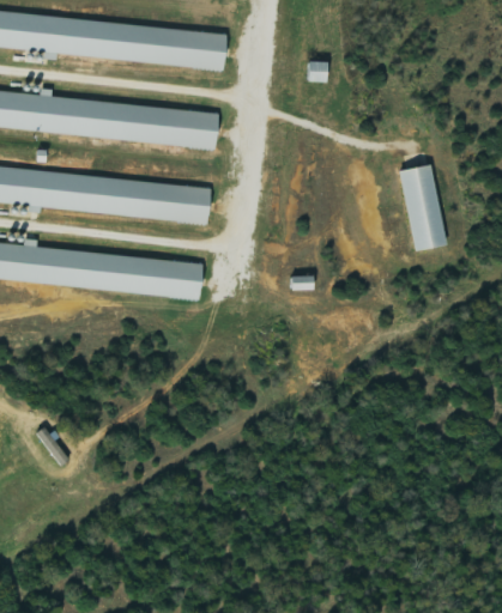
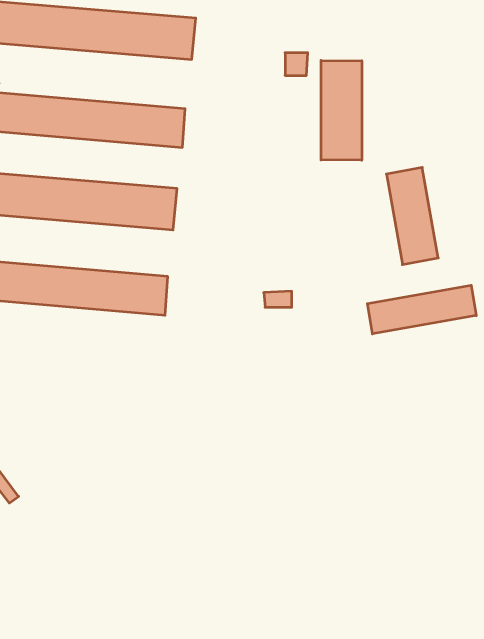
building: none -> [321,60,362,160]
building: none -> [367,285,476,334]

